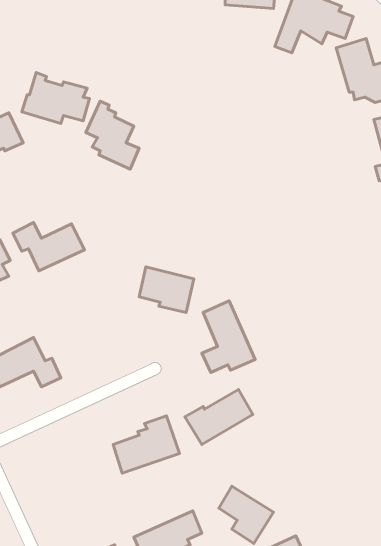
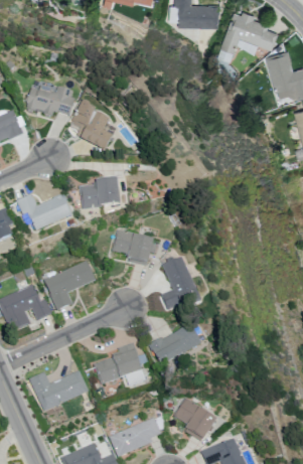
building: none -> [81,178,119,209]
building: none -> [43,259,96,311]
building: none -> [26,373,86,415]

